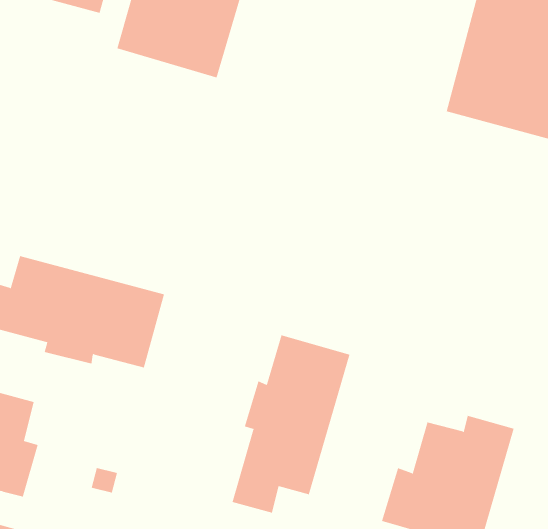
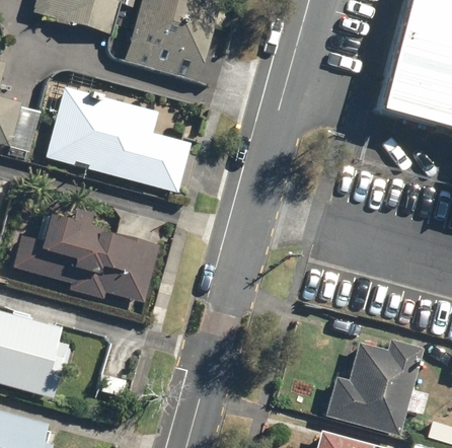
building: none -> [46,86,191,193]
building: [232,335,350,513] -> none

